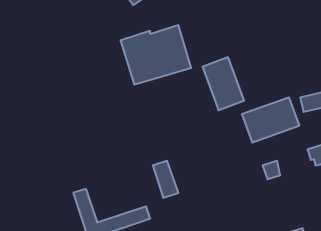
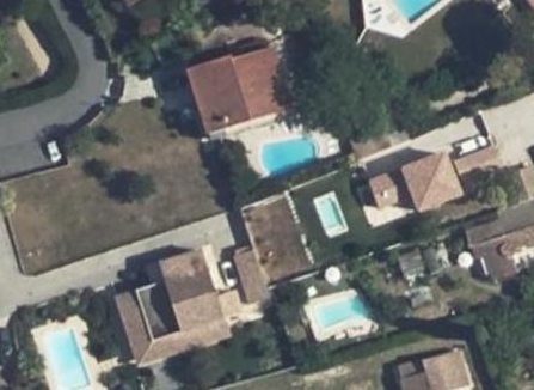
building: [202,57,244,110] -> [245,193,307,272]
building: none -> [134,249,223,340]

